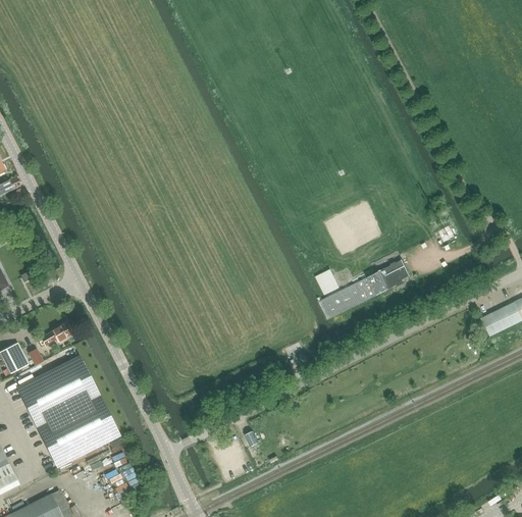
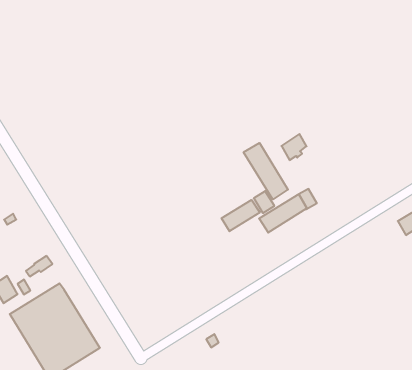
building: none -> [244,143,288,199]
building: [380,259,410,289] -> [281,134,307,160]
building: none -> [222,200,260,231]

